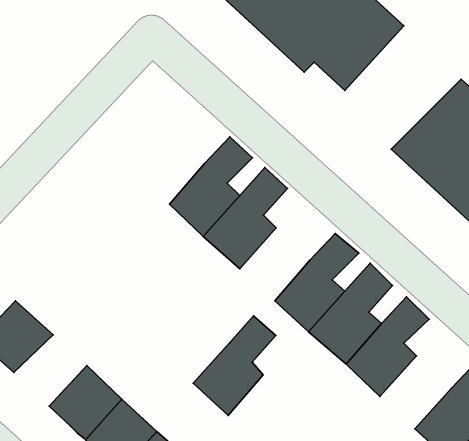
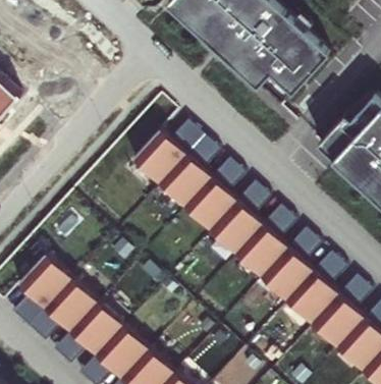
building: none -> [130,120,201,184]
building: [193,316,276,415] -> [208,182,268,255]
building: none -> [310,276,370,347]
building: none -> [44,279,97,331]

